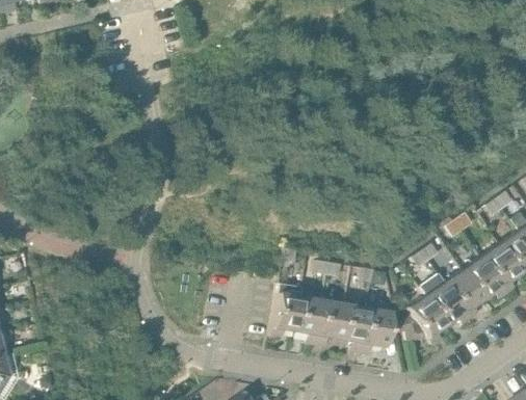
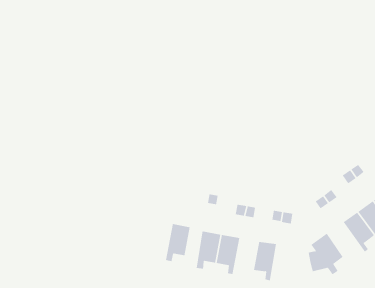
building: [430,281,475,322] -> none
building: [318,299,348,345] -> [165,224,190,262]
building: [363,306,403,352] -> none

